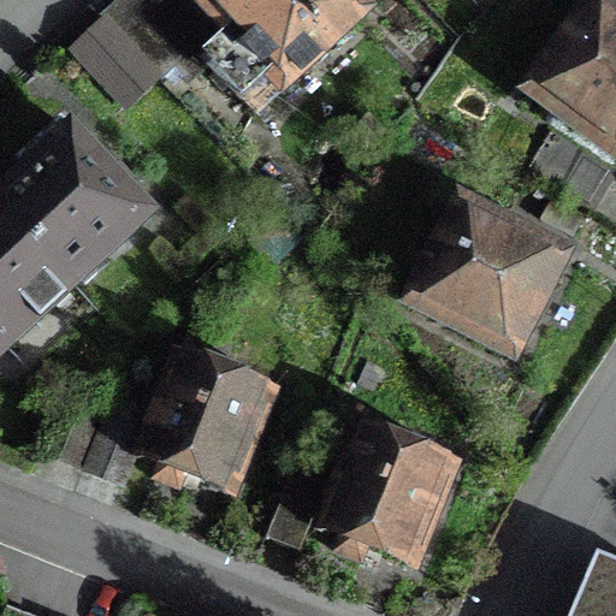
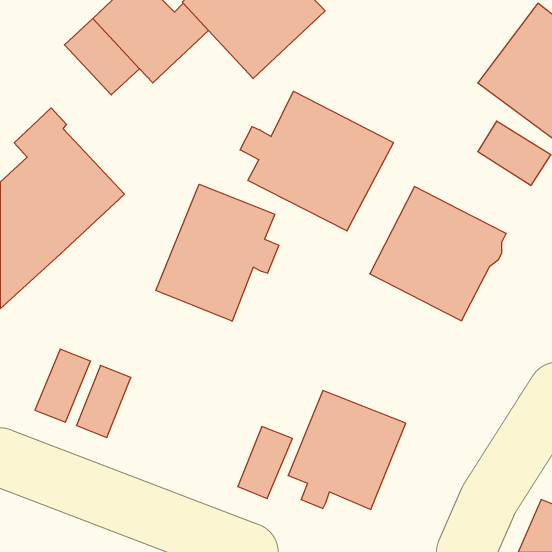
building: none -> [240,91,393,231]
building: none -> [156,184,279,321]
building: [143,359,271,487] -> none

